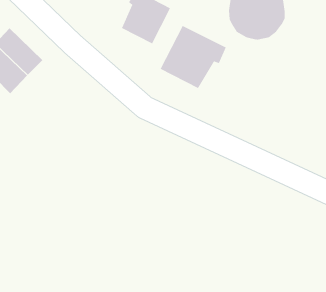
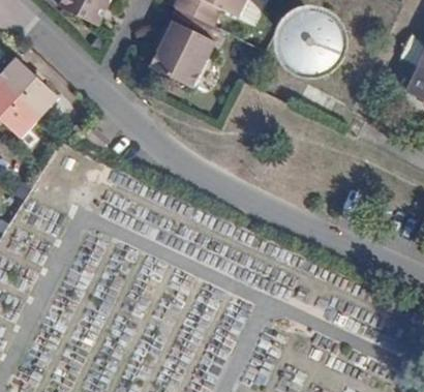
building: [160,25,226,89] -> none

